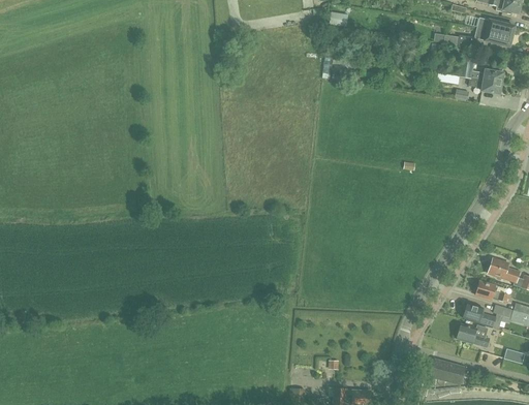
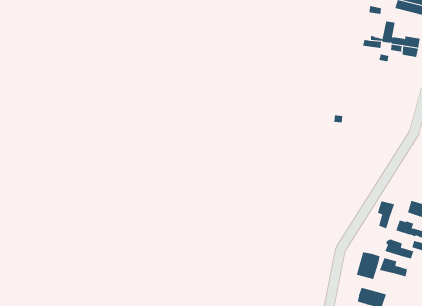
building: none -> [377,201,395,229]
building: none -> [356,251,380,280]

